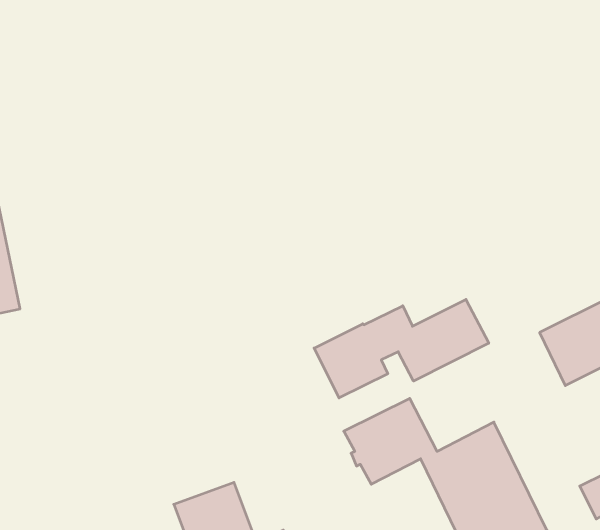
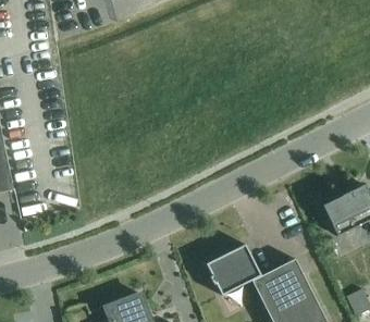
building: [314,299,489,398] -> none

